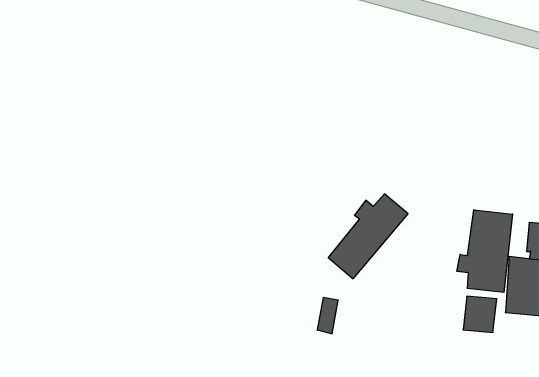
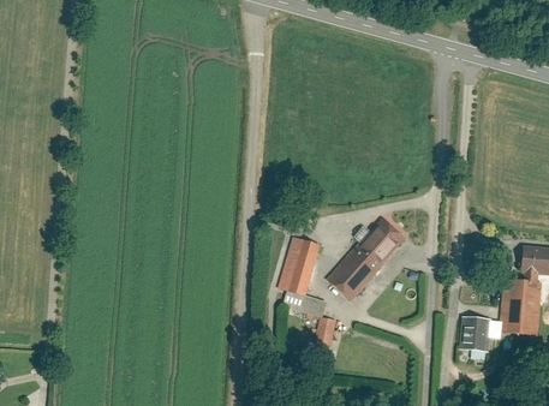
building: [457,210,513,292] -> none
building: none -> [279,237,326,317]

